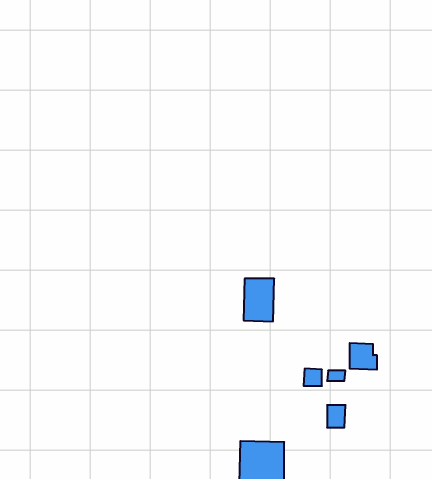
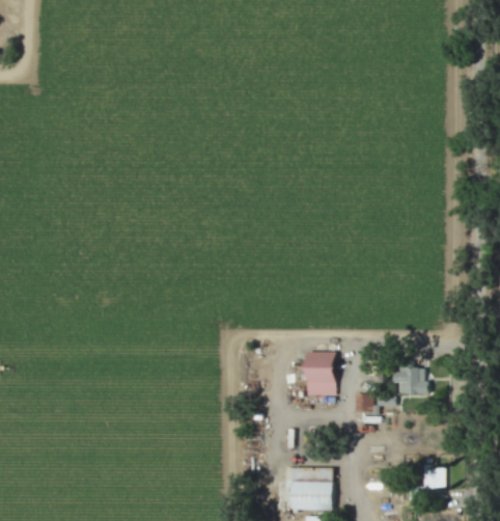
building: [244,279,274,321] -> [304,352,335,395]
building: [327,405,346,428] -> [426,465,445,488]

